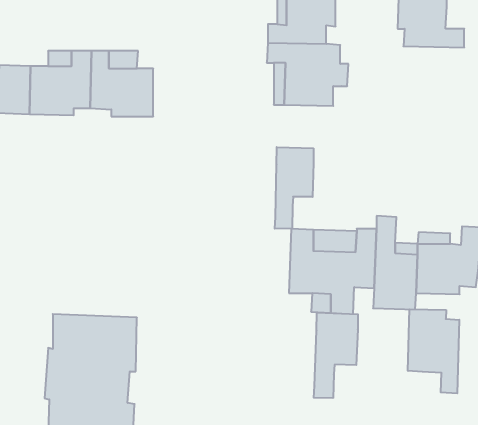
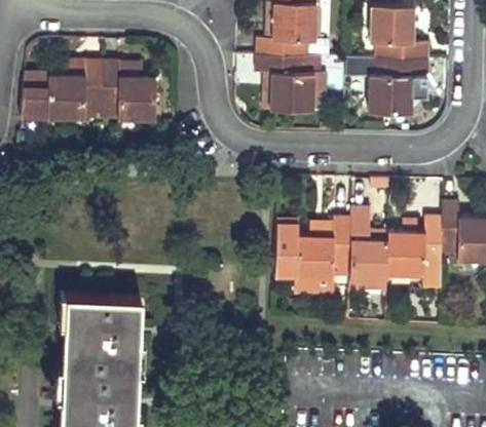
building: none -> [346,59,431,114]
building: [275,147,314,229] -> none
building: [408,309,459,393] -> none
building: [314,312,358,398] -> none

